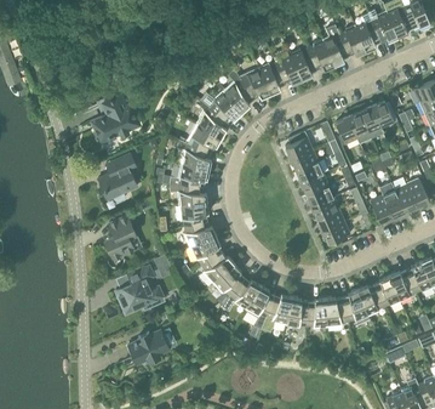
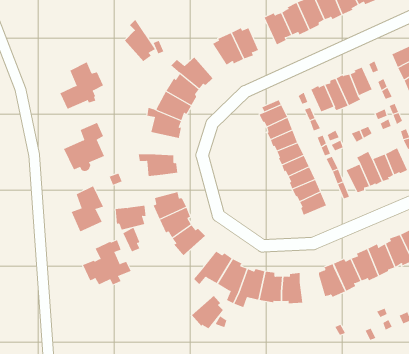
building: [271,49,302,85] -> none
building: [223,70,253,112] -> [124,19,156,62]
building: [168,164,208,186] -> none
building: [178,203,208,227] -> [115,205,146,230]
building: [212,263,244,296] -> [191,295,224,329]
building: [325,297,348,328] -> none
building: [127,330,171,365] -> none

